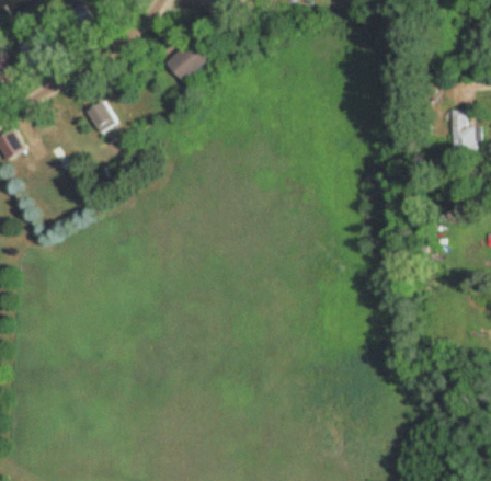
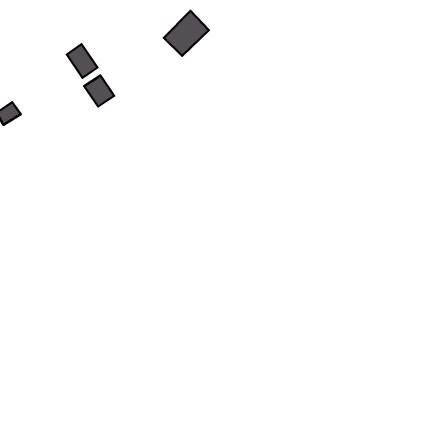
building: none -> [67,44,97,78]

